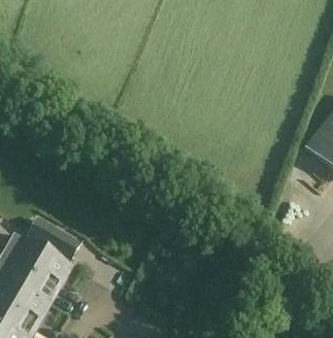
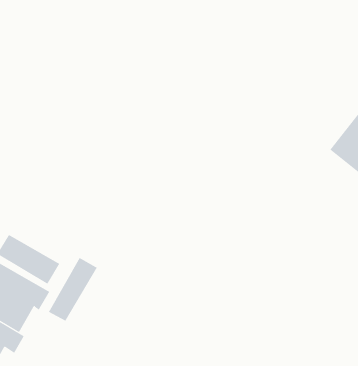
building: none -> [48,257,97,322]

